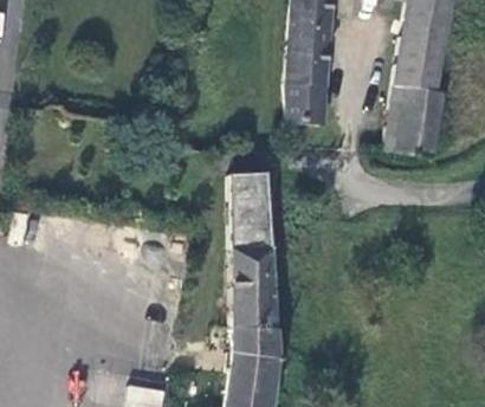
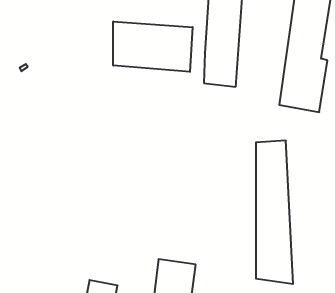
building: none -> [113,21,193,72]
building: [228,172,277,358] -> [256,141,293,284]

